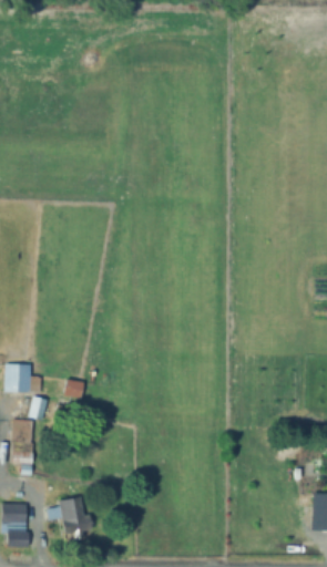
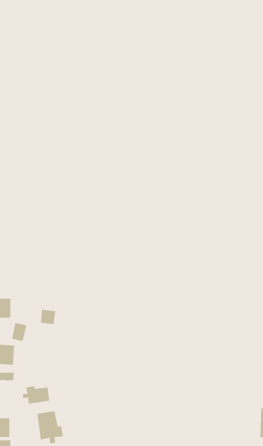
building: none -> [22,386,50,405]

